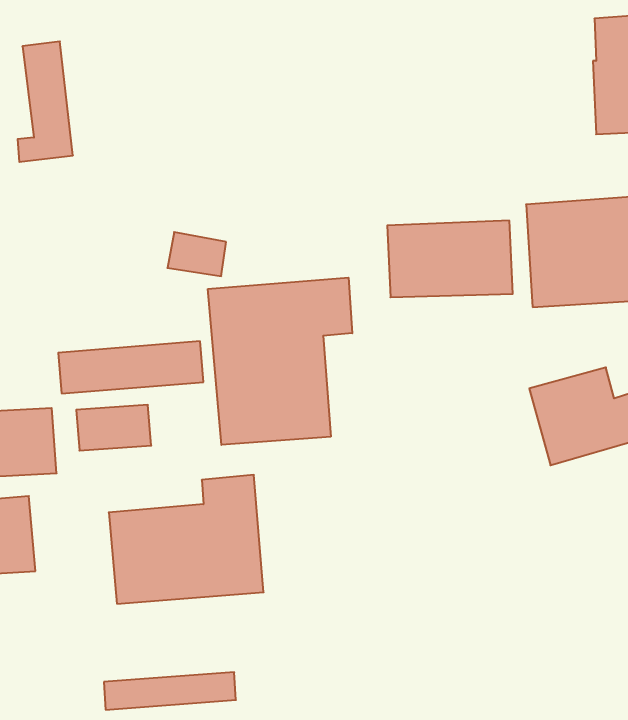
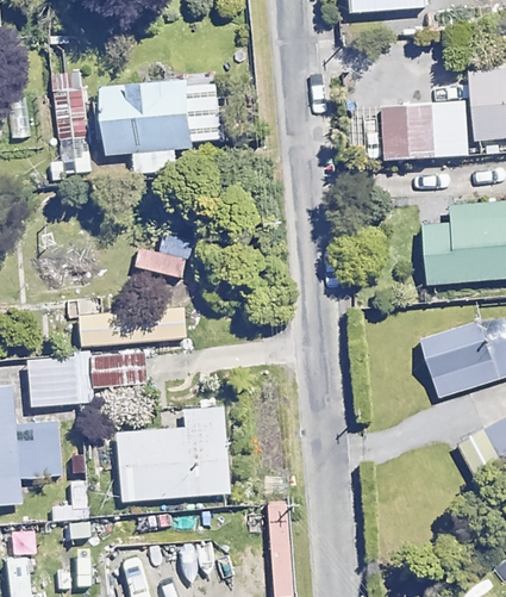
building: none -> [90,75,220,155]
building: [387,221,513,297] -> [380,102,471,158]
building: [208,278,352,445] -> none

